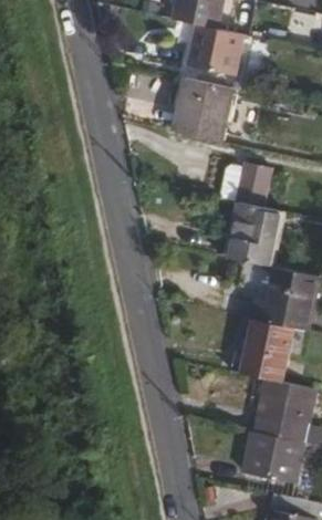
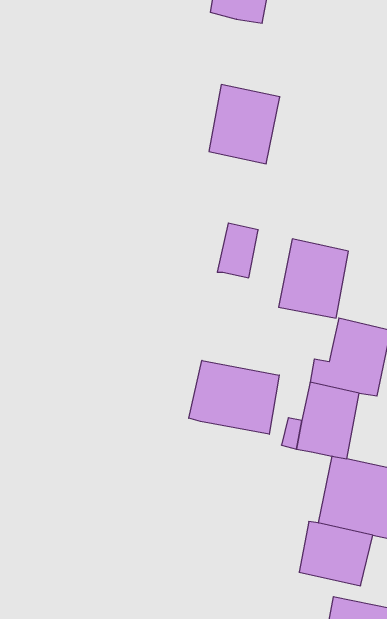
building: [186,24,241,74] -> none
building: [235,163,268,207] -> [217,223,258,278]
building: none -> [189,360,279,434]

